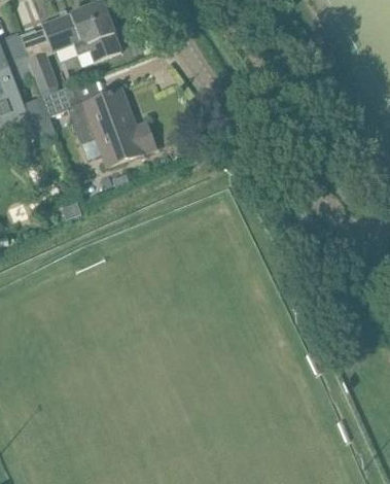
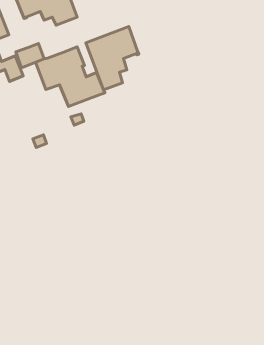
building: [28,51,58,94] -> none
building: none -> [86,26,139,90]

